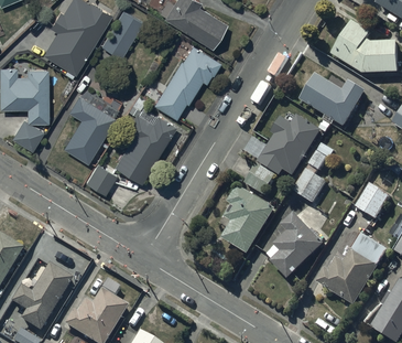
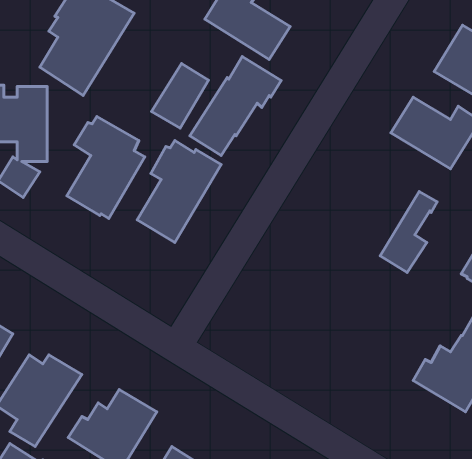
building: [100,9,142,56] -> [152,64,209,128]
building: [246,116,322,195] -> none
building: [85,162,117,193] -> none
building: [222,185,276,254] -> none
building: [268,213,327,279] -> none

